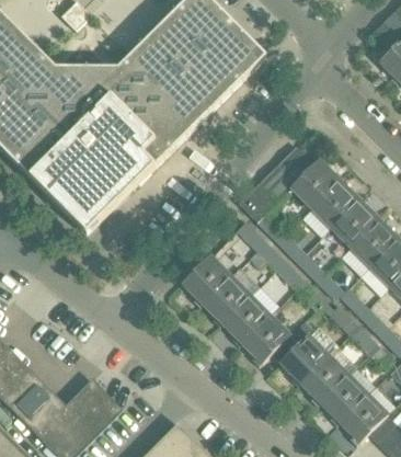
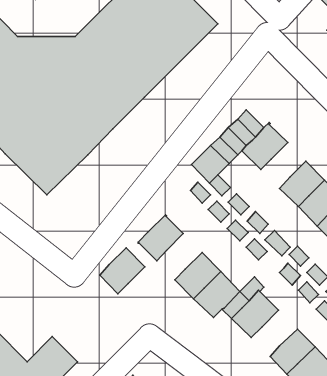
building: [311,180,358,228] -> none
building: [203,275,250,323] -> [100,248,145,294]
building: [301,355,350,403] -> none

